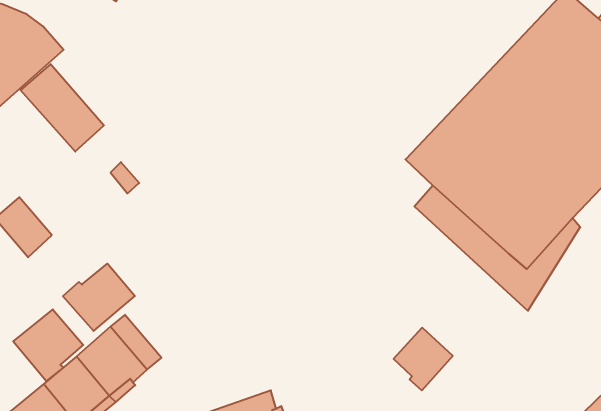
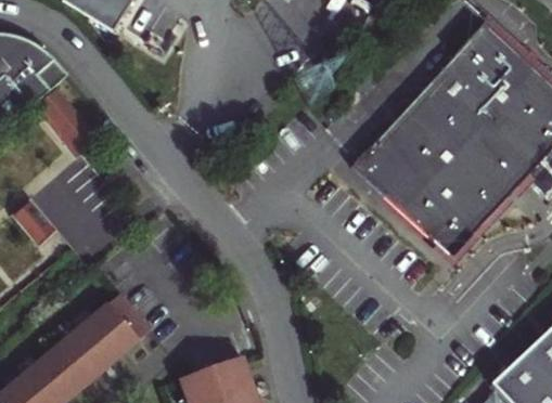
building: [63,264,135,331] -> none
building: [13,309,83,381] -> none
building: [394,328,453,390] -> none

